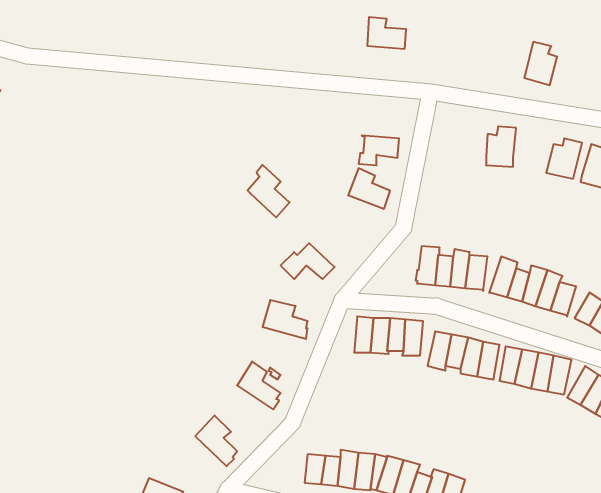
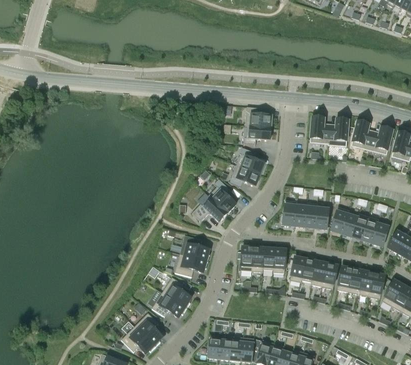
building: [367,17,406,49] -> [245,106,271,127]
building: [524,42,557,85] -> [351,121,373,150]
building: none -> [309,117,329,143]
building: [248,165,290,217] -> [208,178,236,213]
building: none -> [229,165,260,186]
building: none -> [174,253,208,276]
building: none -> [151,292,186,317]
building: none -> [121,326,155,353]

